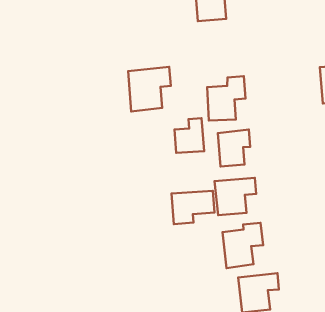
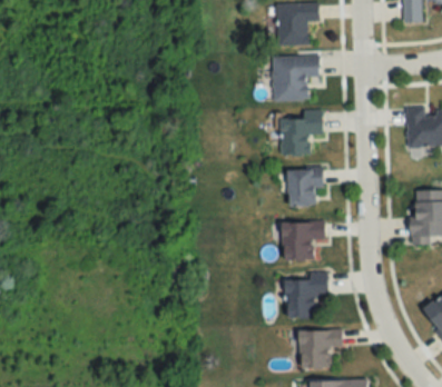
building: [128,67,171,111] -> [273,56,318,101]
building: [174,118,204,153] -> none
building: [171,191,215,224] -> none

